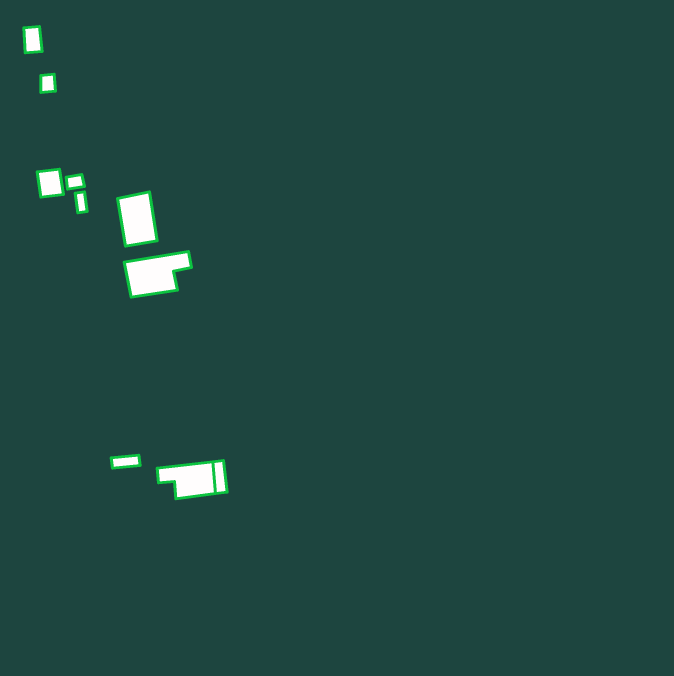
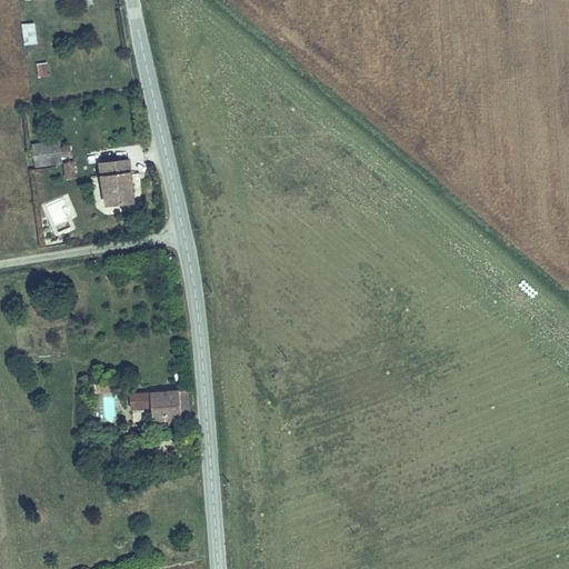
building: [124,251,192,297] -> none

